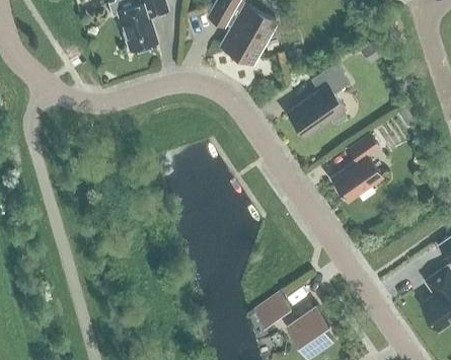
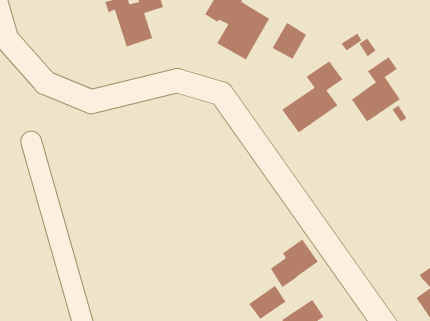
building: none -> [271,22,307,60]
building: [331,134,382,201] -> [351,56,401,122]
building: none -> [270,239,319,288]

